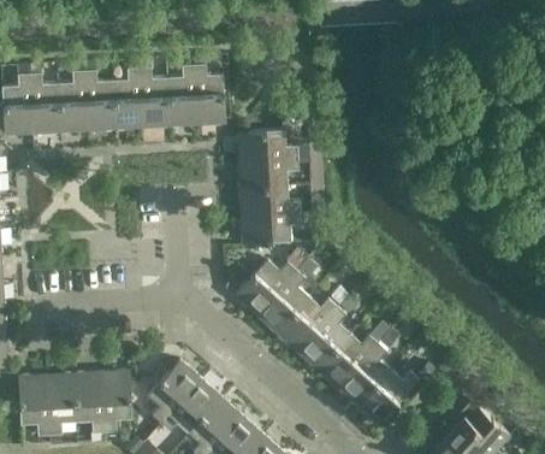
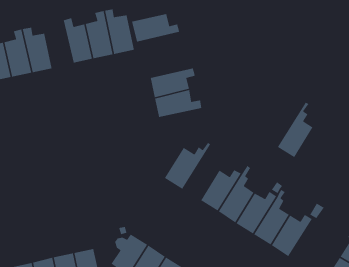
building: [113,66,143,128] -> none
building: [237,129,298,160] -> [131,13,180,42]
building: [242,212,302,243] -> none
building: [257,260,309,331] -> [277,102,313,158]

